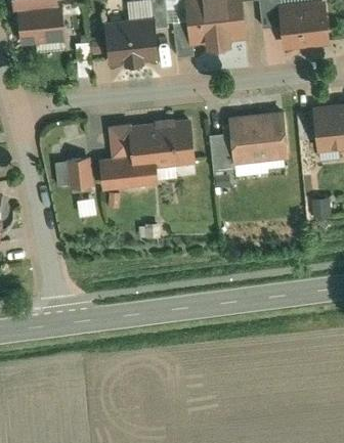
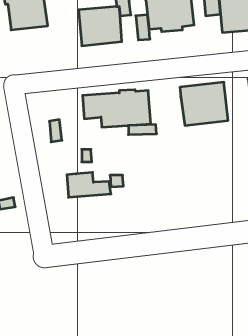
building: [209,129,234,171] -> none
building: [99,153,154,184] -> [67,172,111,197]

